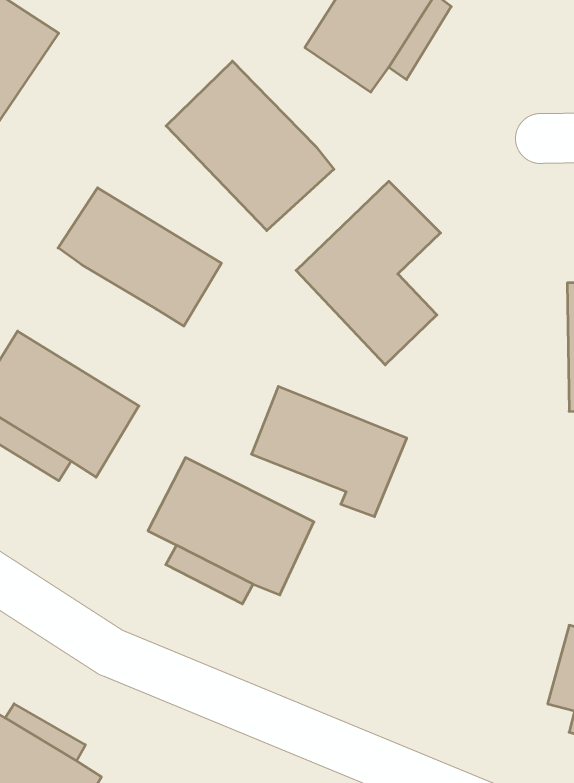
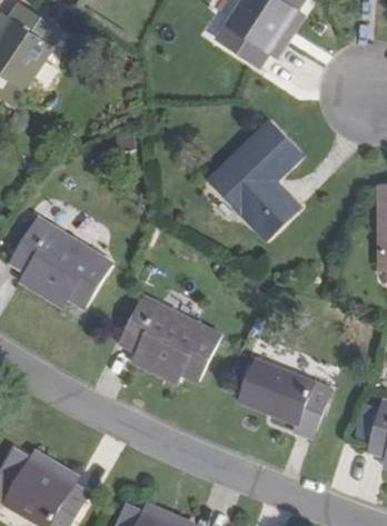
building: [166,61,334,231] -> none
building: [58,188,221,326] -> none
building: [251,386,407,517] -> [237,357,334,438]

